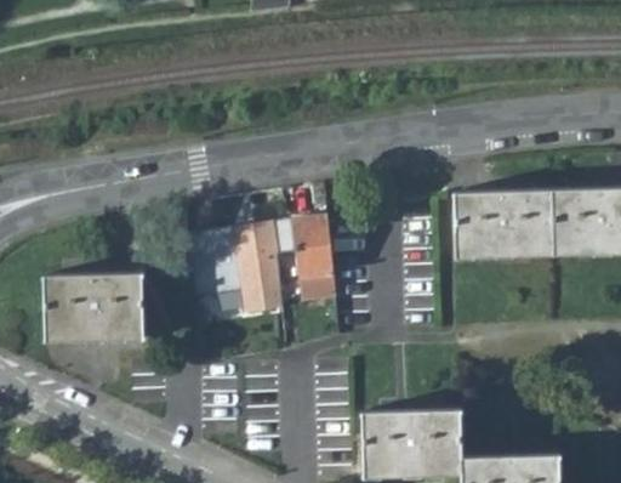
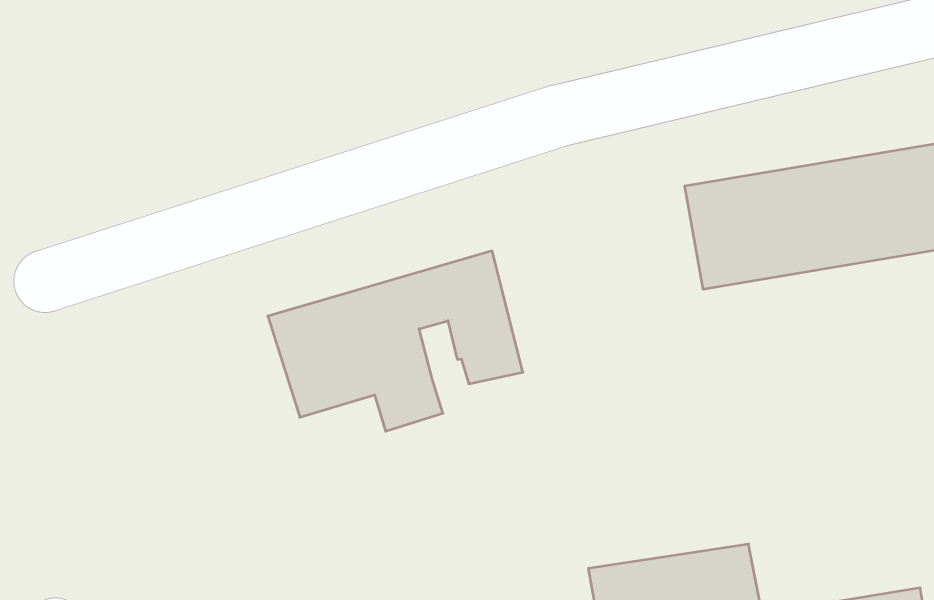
building: [44,279,141,341] -> none

